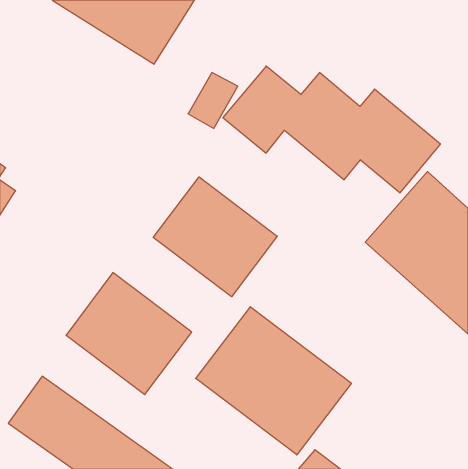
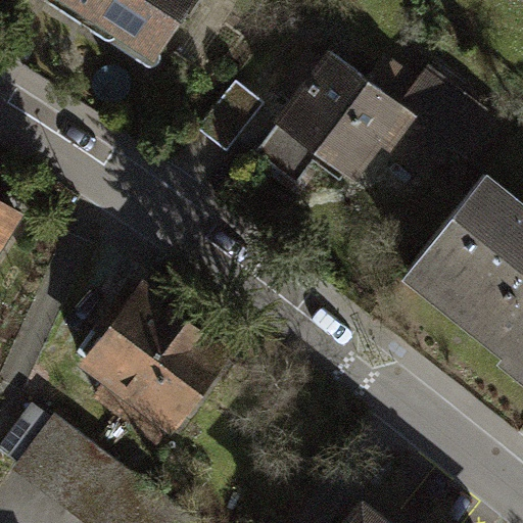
building: [153,177,277,297] -> none
building: [196,307,351,455] -> none

